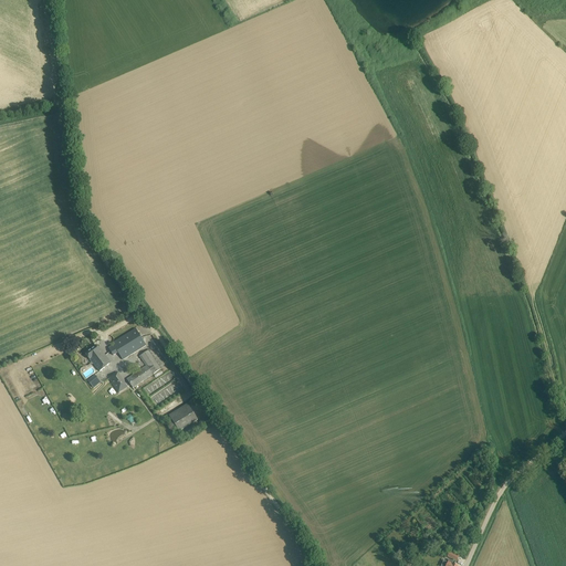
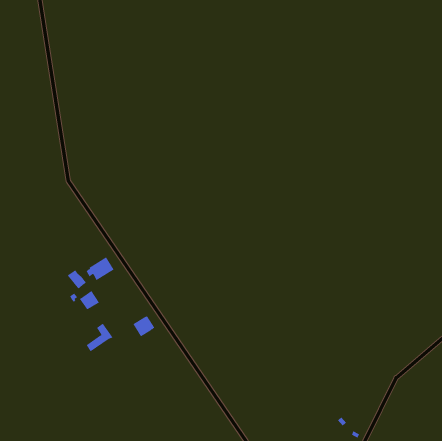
building: [128,348,164,386] -> [86,323,114,352]

